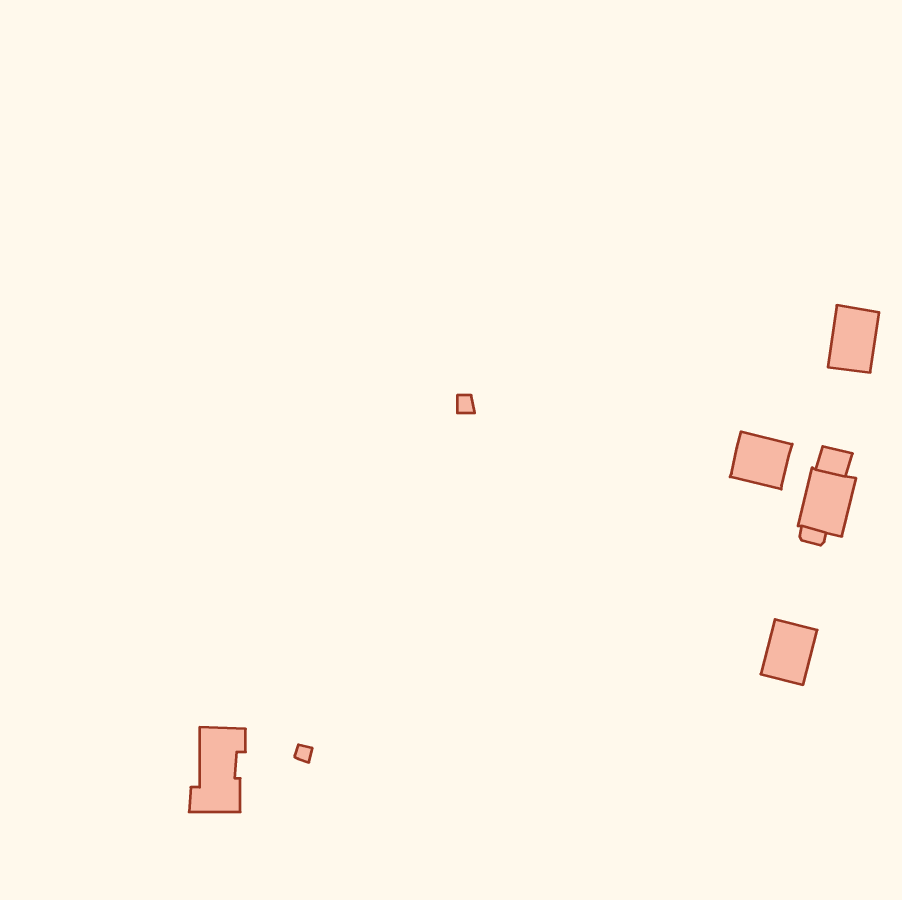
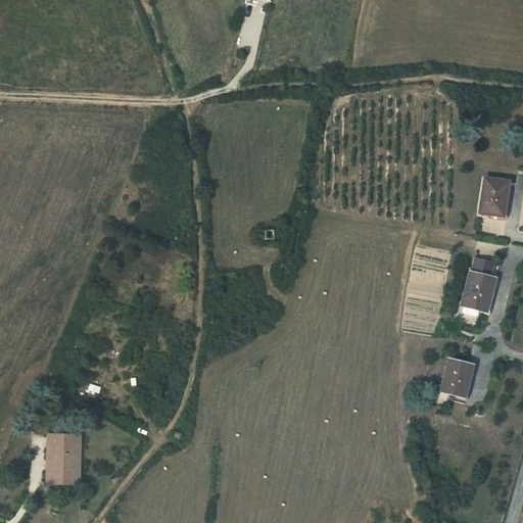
building: [730,432,792,489] -> none
building: [189,727,246,812] -> [47,434,80,483]

